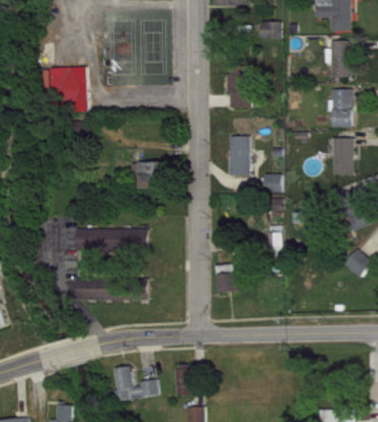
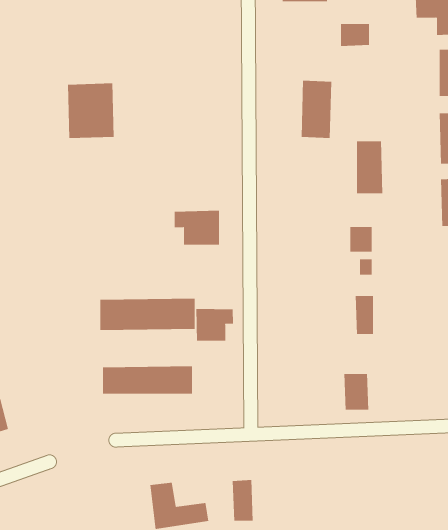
building: [229,135,249,174] -> [356,141,383,194]
building: none -> [196,308,233,342]
building: [216,265,236,292] -> [344,374,369,410]

